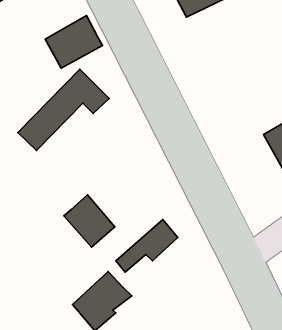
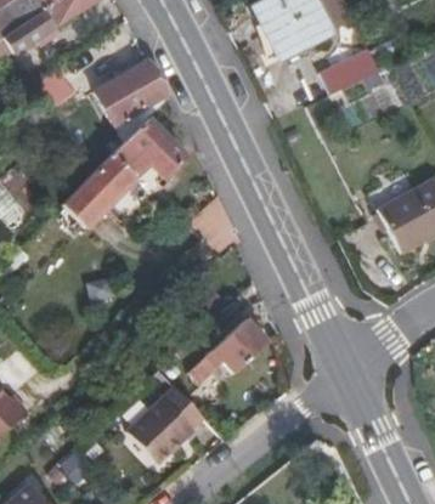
building: none -> [317,49,378,96]
building: [64,195,115,247] -> none

